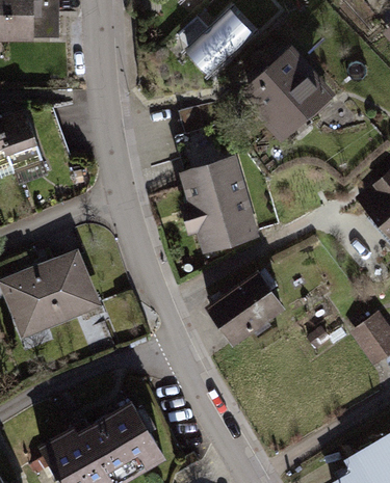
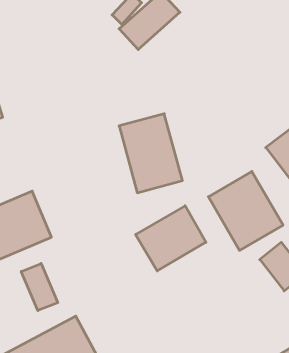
building: [235,49,336,147] -> none
building: none -> [208,171,283,250]
building: none -> [21,263,58,311]

